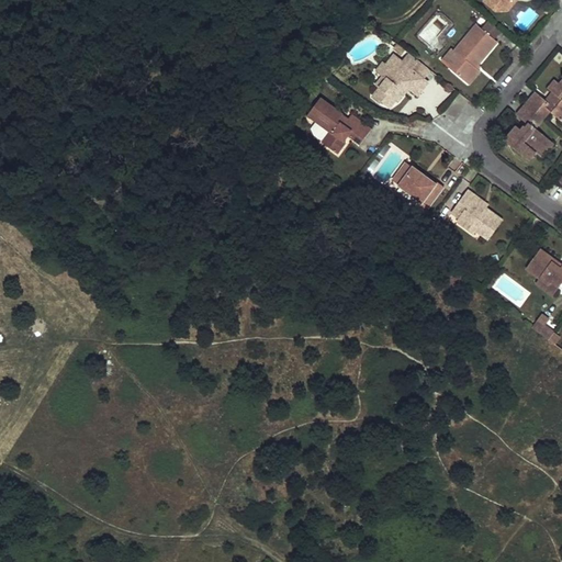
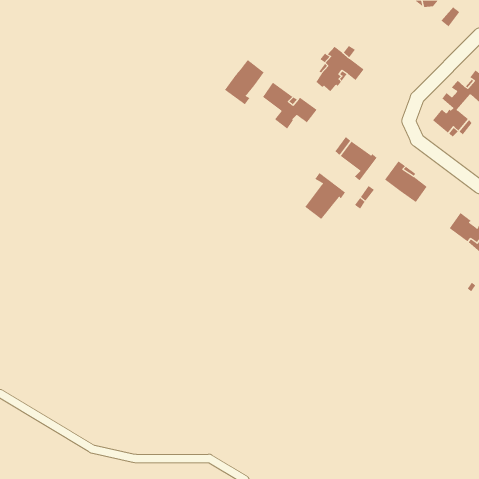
building: [449,24,496,82] -> none
building: none -> [224,59,264,105]
building: none -> [304,172,346,220]

